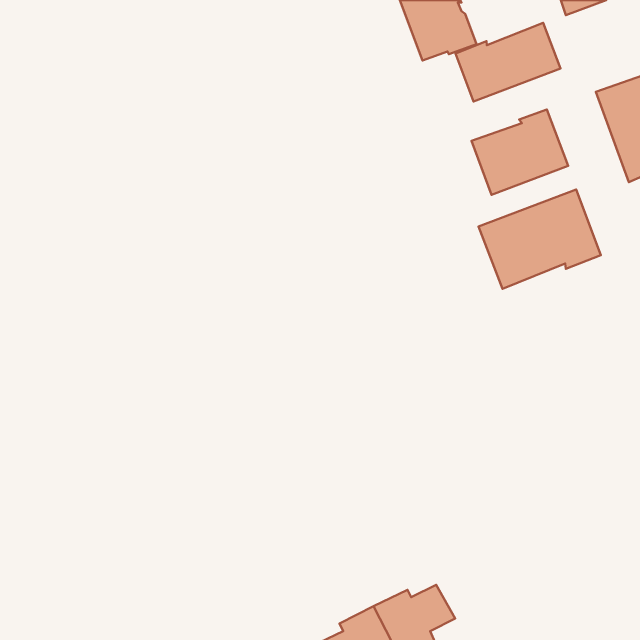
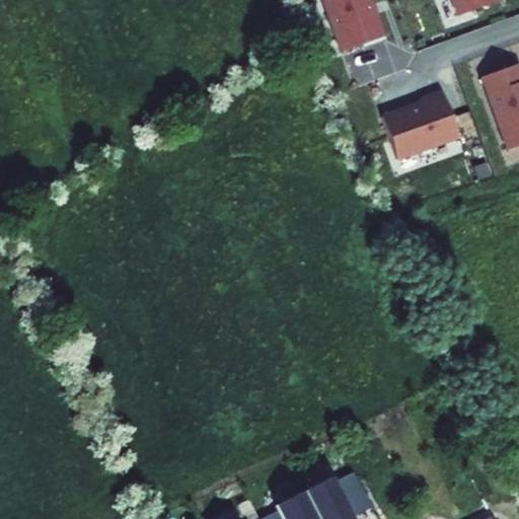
building: [455,23,561,101] -> none
building: [479,190,601,289] -> none

